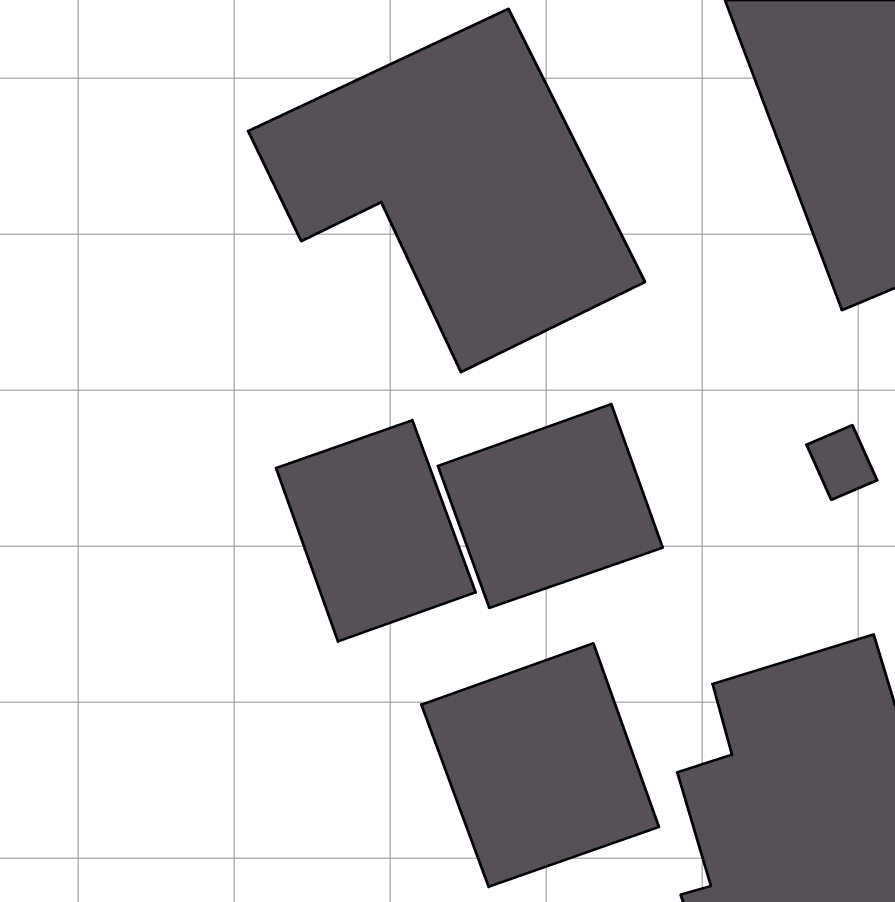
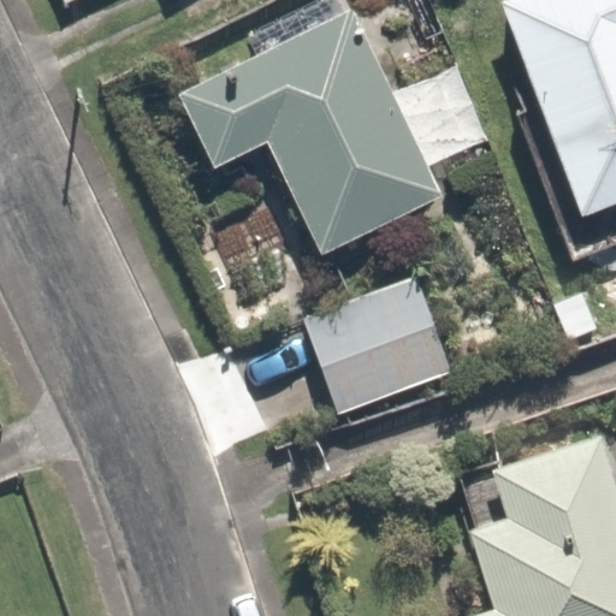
building: [276,420,476,642] -> none
building: [421,643,659,887] -> none

